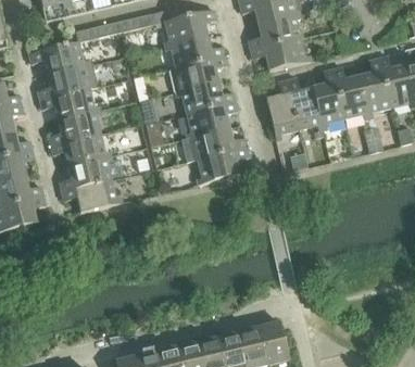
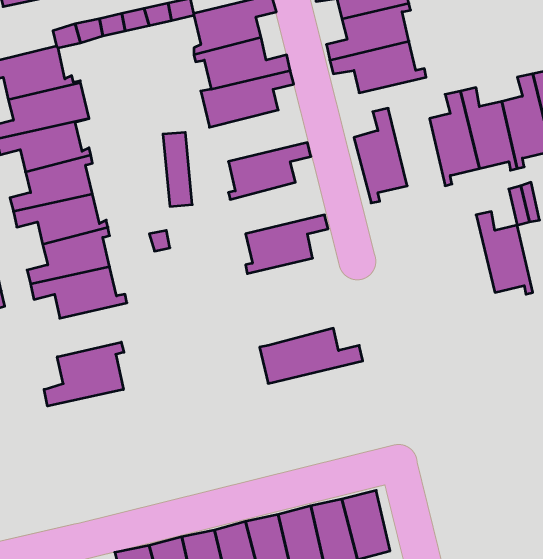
building: [287,78,323,130] -> [476,212,533,294]
building: [174,81,236,114] -> none
building: [181,127,247,162] -> [260,328,363,383]
building: none -> [44,342,124,406]

